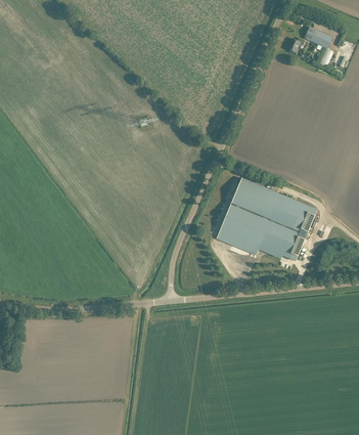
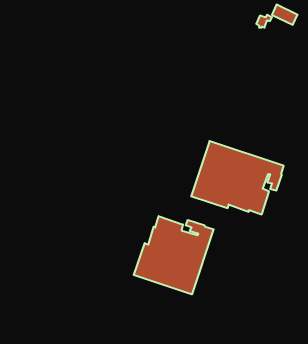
building: none -> [134,216,214,294]

